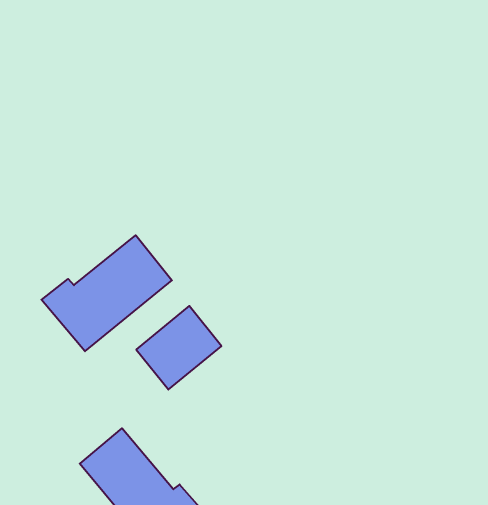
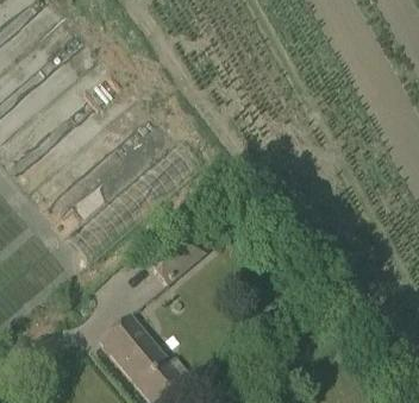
building: [41,235,172,351] -> none

